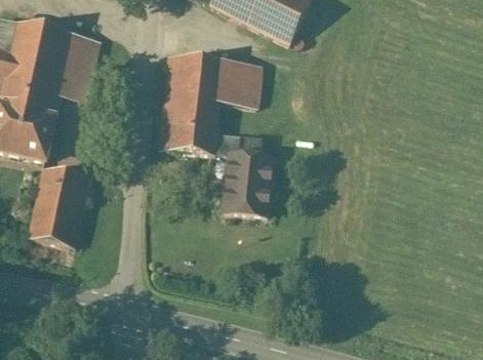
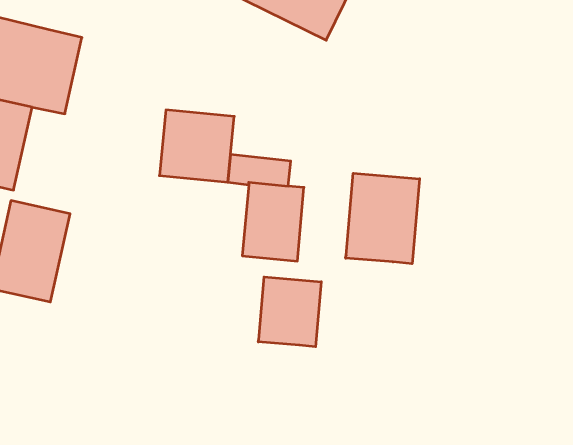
building: [164,55,259,107] -> none
building: none -> [346,173,420,264]
building: none -> [258,277,321,347]

